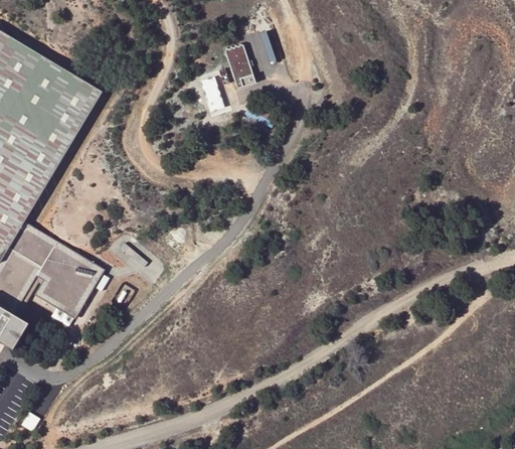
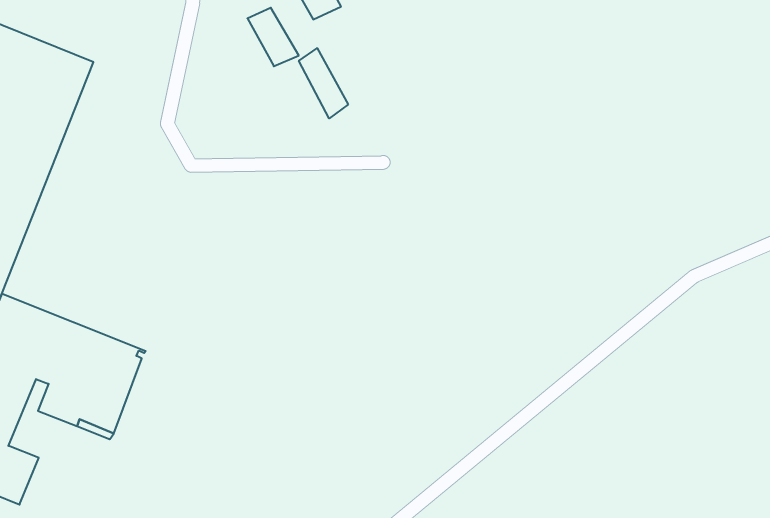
building: none -> [299,48,348,118]

